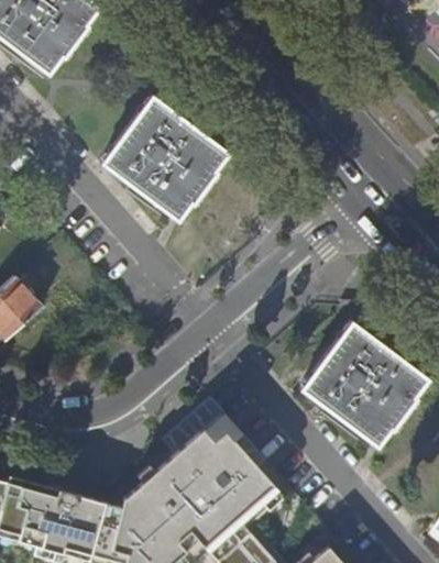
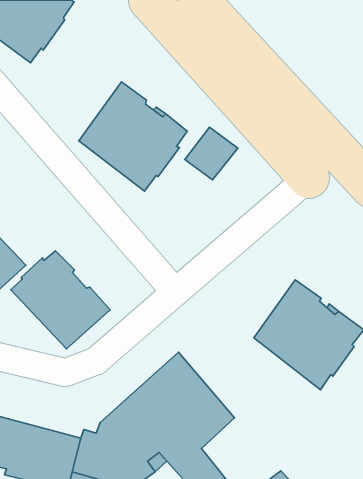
building: none -> [185,127,238,180]
building: none -> [11,251,110,349]

